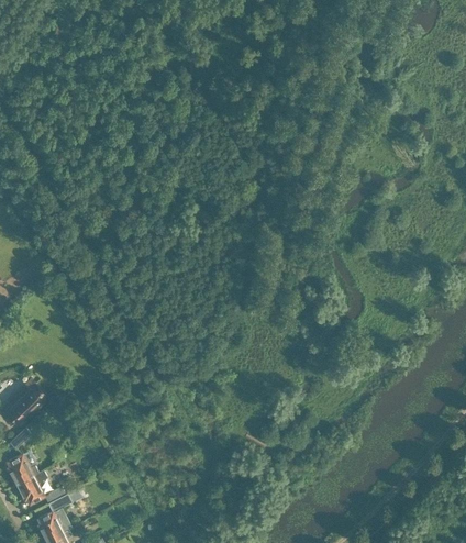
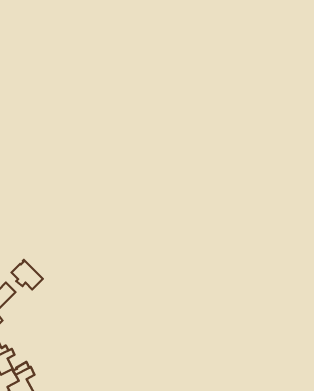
building: none -> [11,260,43,289]

